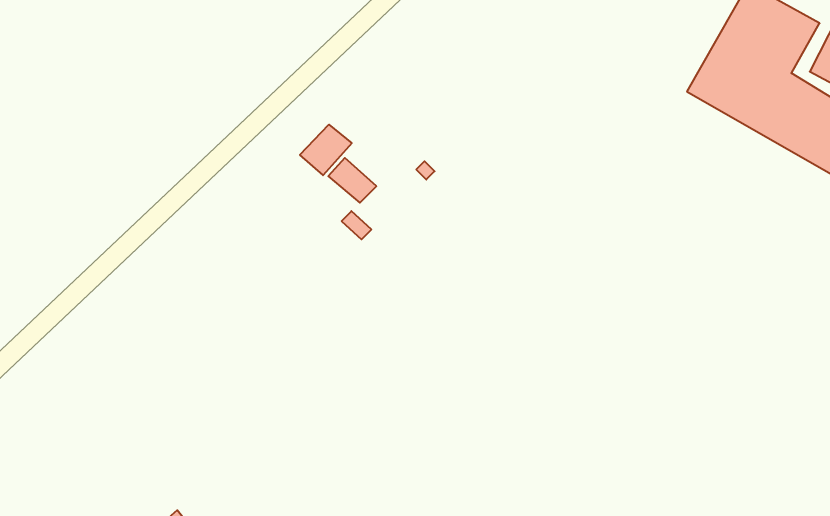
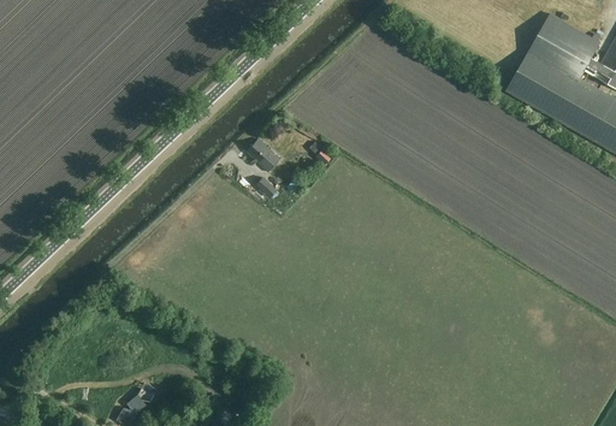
building: [300,125,352,175] -> none

